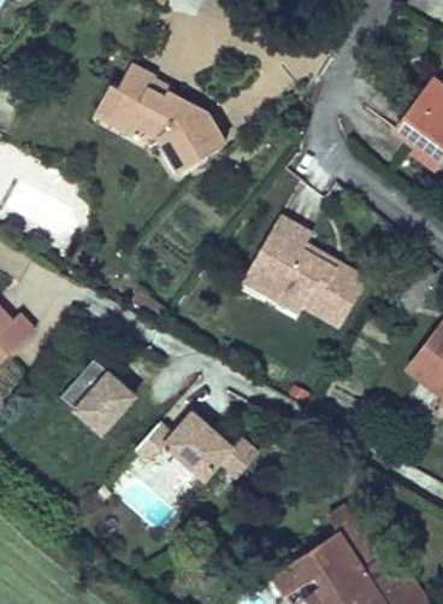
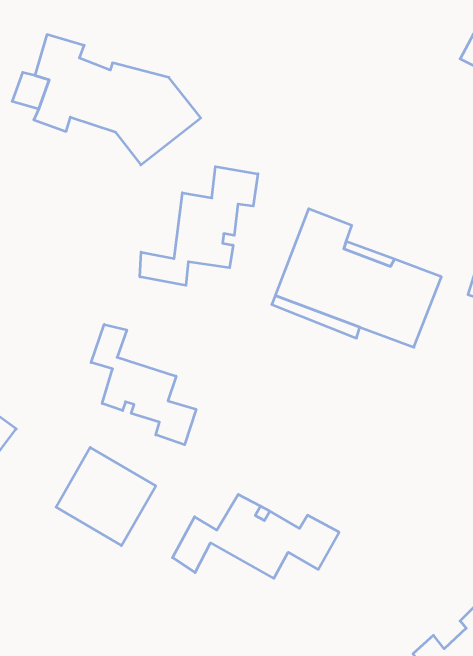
building: none -> [140,167,258,285]
building: none -> [91,324,196,445]

